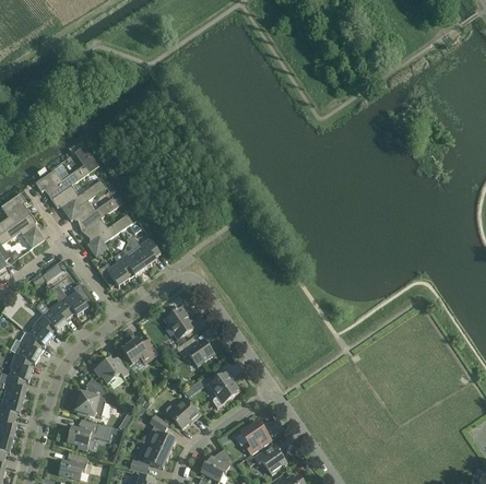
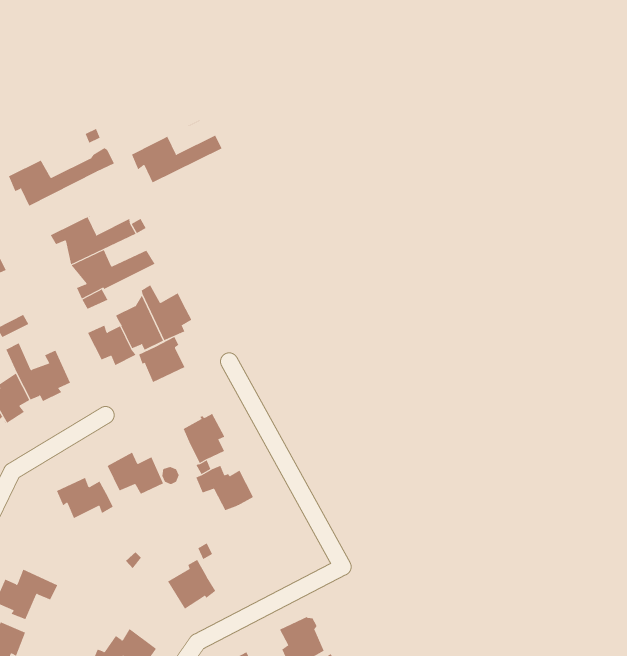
building: [50,172,105,214] -> [131,120,222,183]
building: none -> [138,336,185,383]
building: [208,370,239,408] -> none
building: [74,378,105,417] -> none
building: [147,415,175,455] -> none

